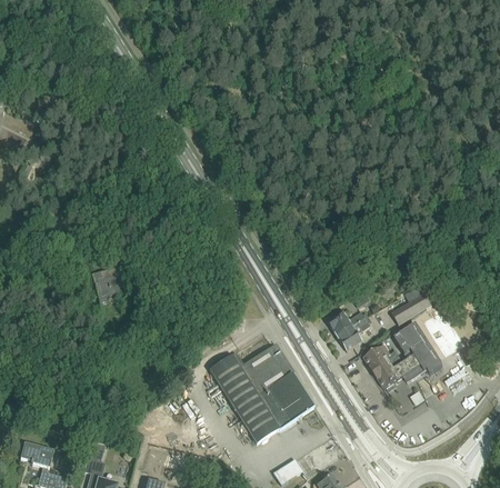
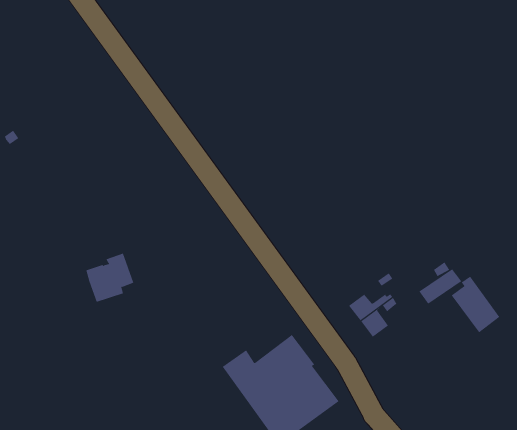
building: [363,323,442,389] -> none

